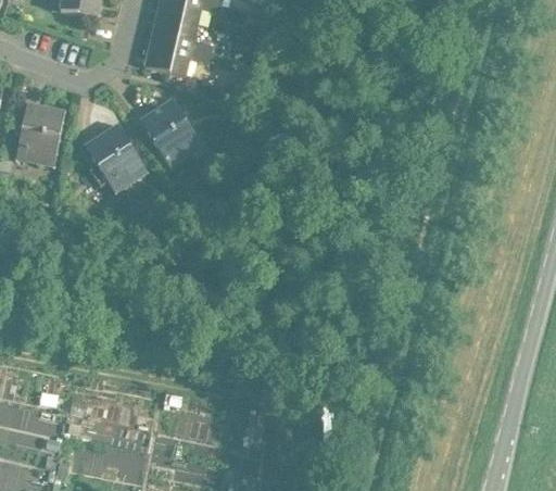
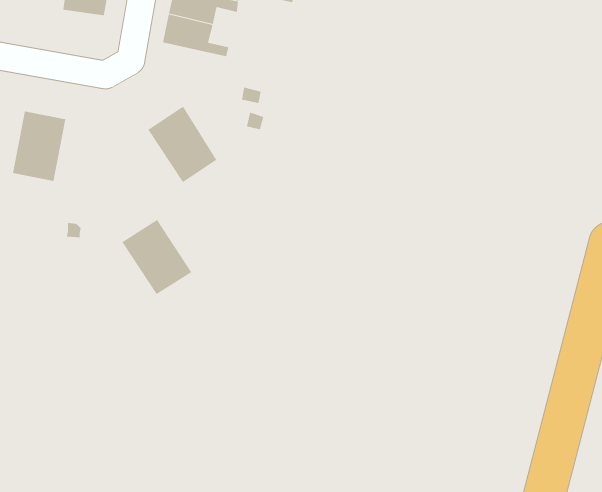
building: [144,40,210,76] -> none
building: [83,124,147,192] -> [121,219,192,295]

